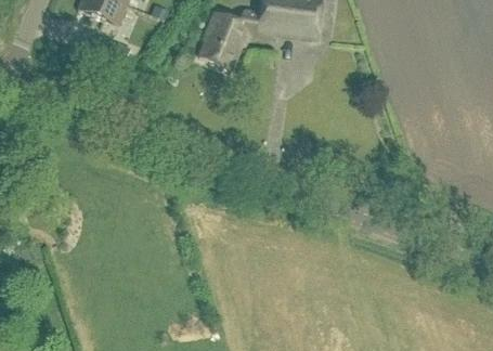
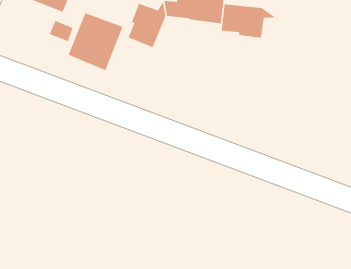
building: none -> [221,4,277,38]
building: none -> [67,12,124,71]

